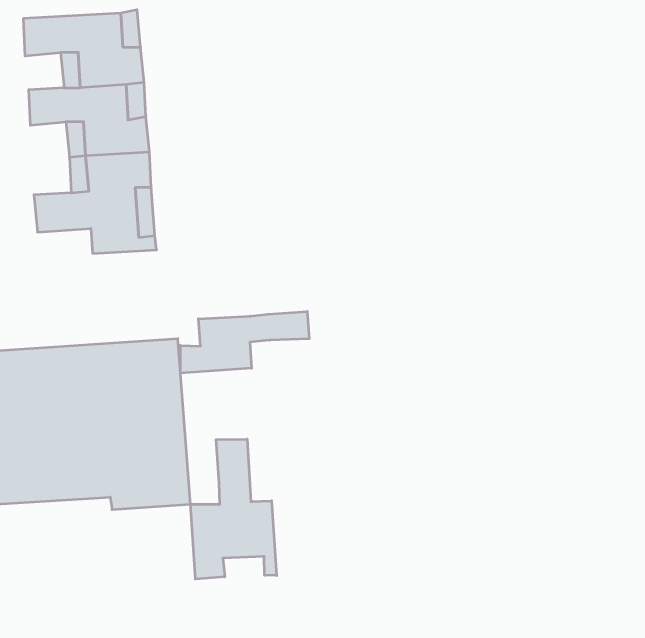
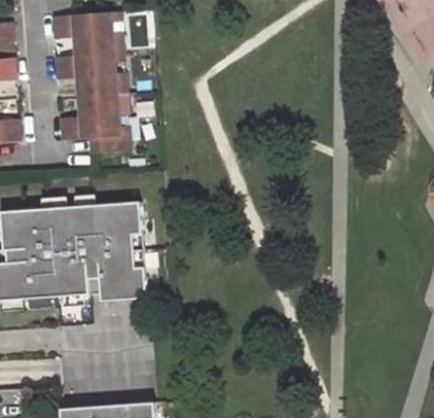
building: [180,311,309,373] -> none
building: [190,439,277,579] -> none

